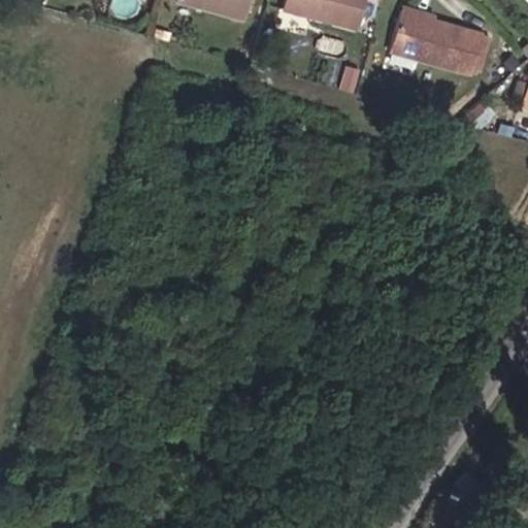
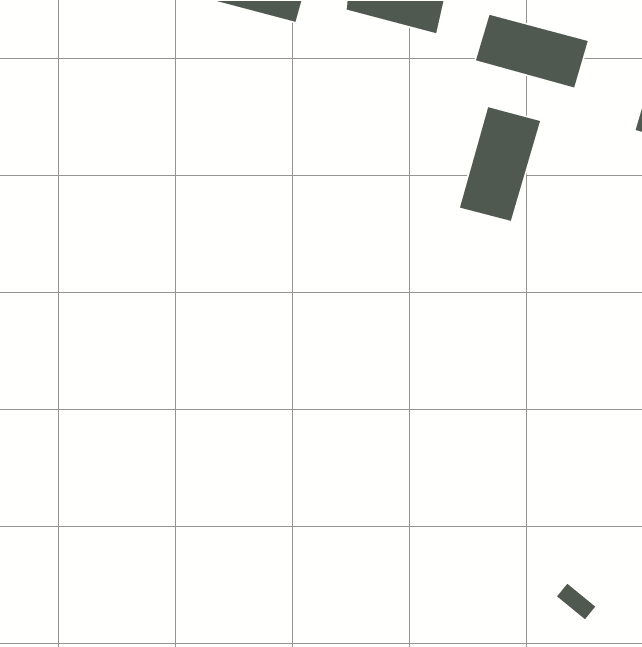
building: none -> [459,106,541,222]

